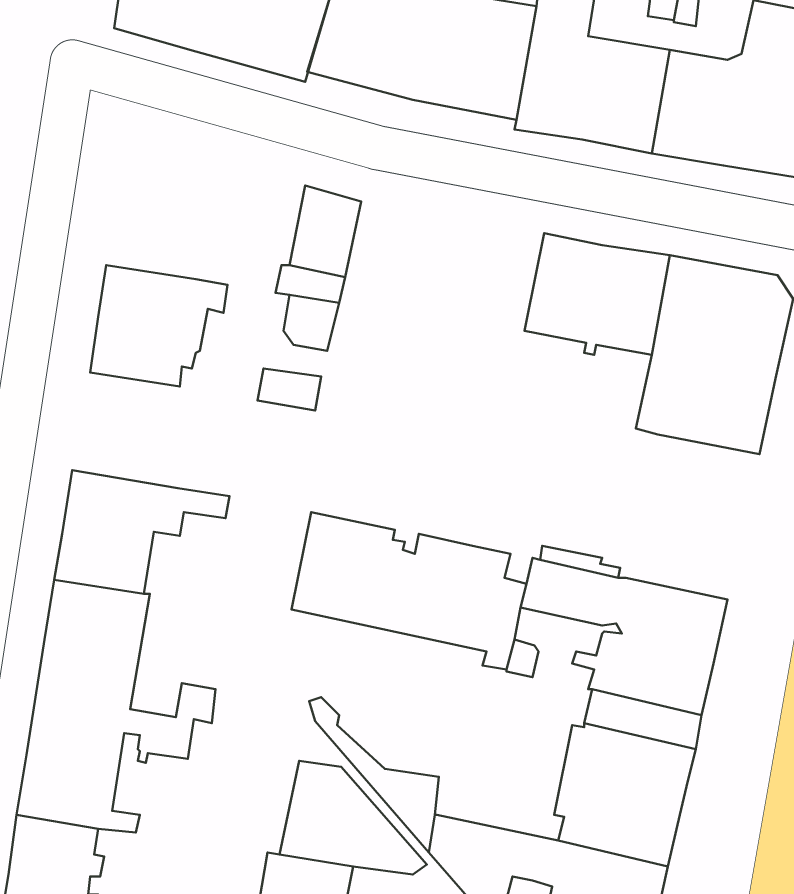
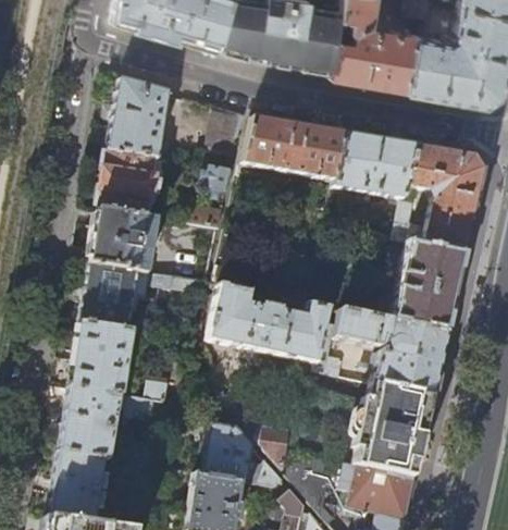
building: none -> [108,79,168,158]
building: none -> [241,116,347,181]
building: none -> [89,209,158,272]
building: none -> [392,243,464,333]

